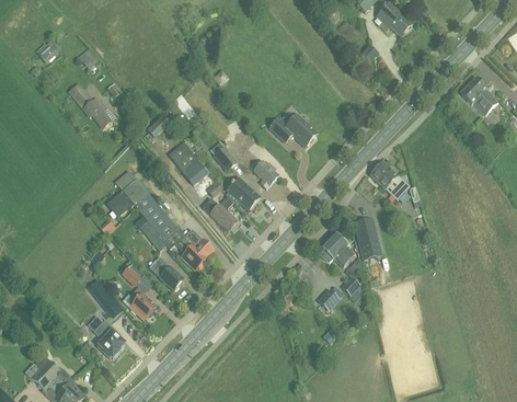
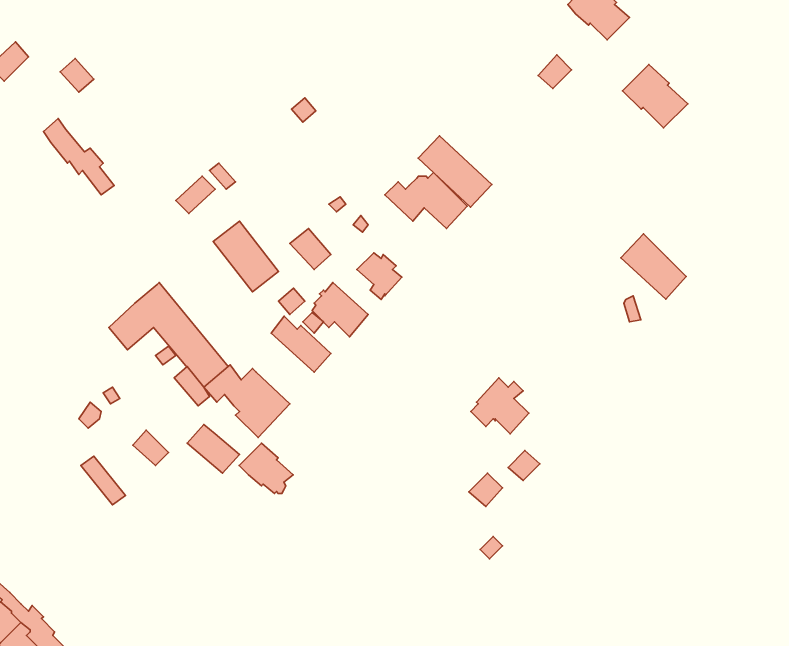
building: [459,78,497,115] -> [623,65,688,128]
building: none -> [418,136,492,207]
building: [369,161,407,199] -> [621,234,686,299]
building: [353,219,380,260] -> none
building: [124,288,156,318] -> [239,443,293,493]
building: [93,320,123,357] -> none

